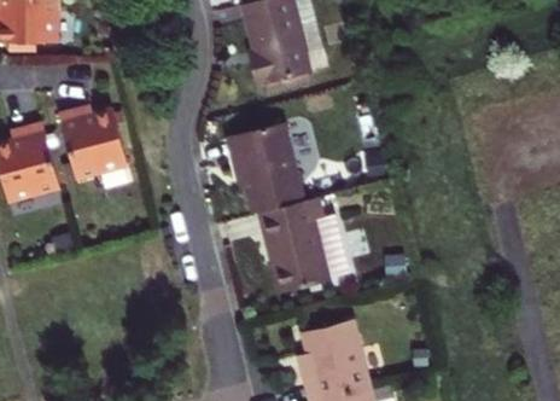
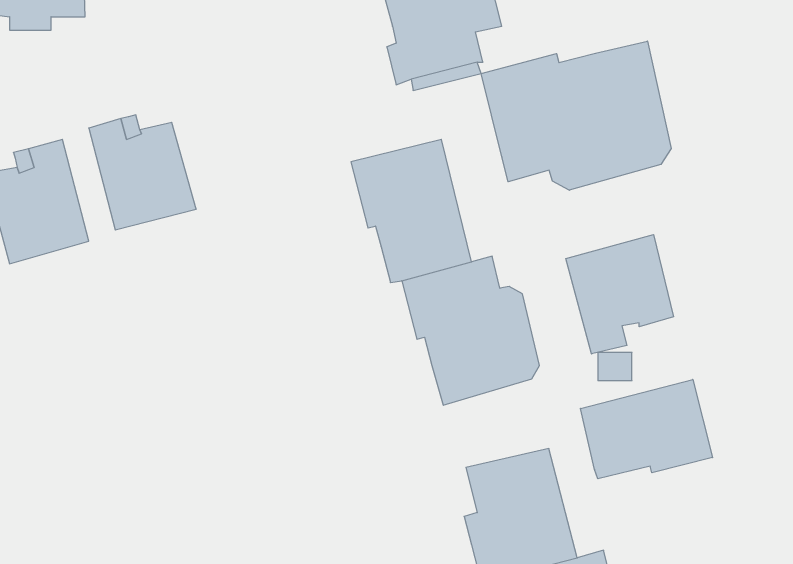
building: none -> [481,41,671,190]
building: none -> [566,235,674,354]
building: none -> [580,379,713,479]

